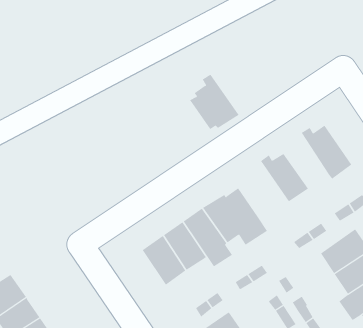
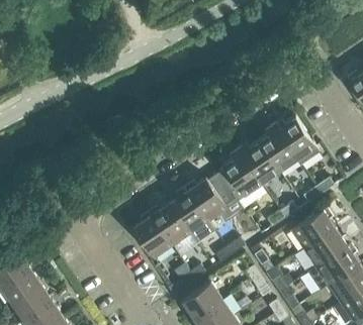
building: [189,74,239,130] -> [218,148,263,198]
building: none -> [259,123,298,173]

